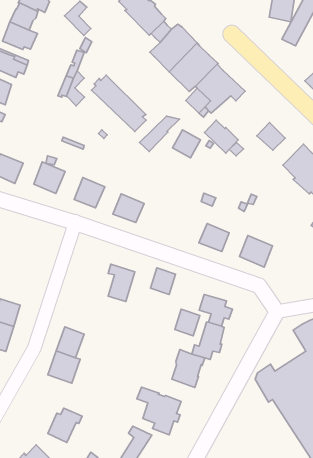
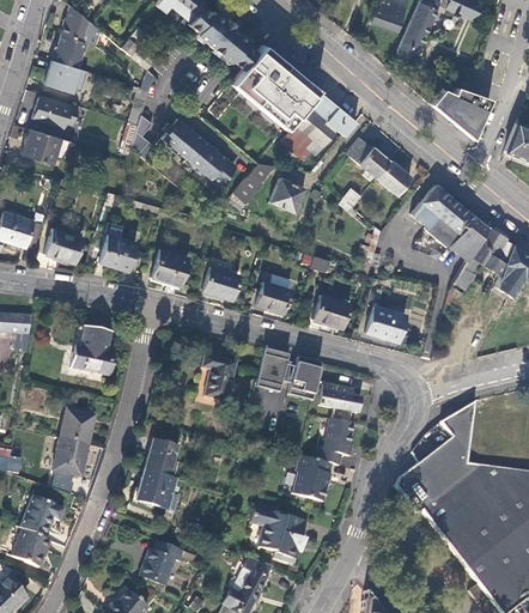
building: [205,120,238,153] -> [346,136,389,177]
building: none -> [256,280,290,312]
building: none -> [71,327,114,374]
building: [175,309,200,336] -> [288,363,318,395]

